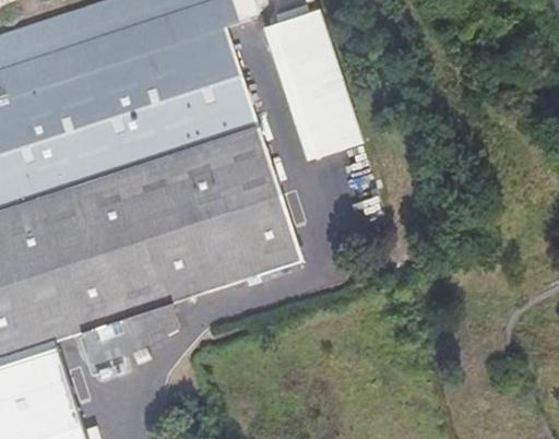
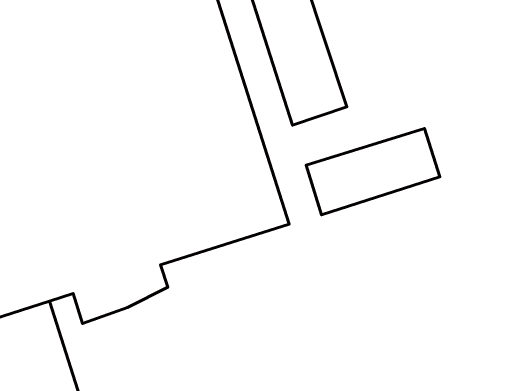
building: none -> [306,129,440,215]

